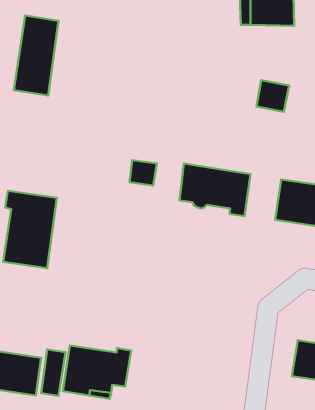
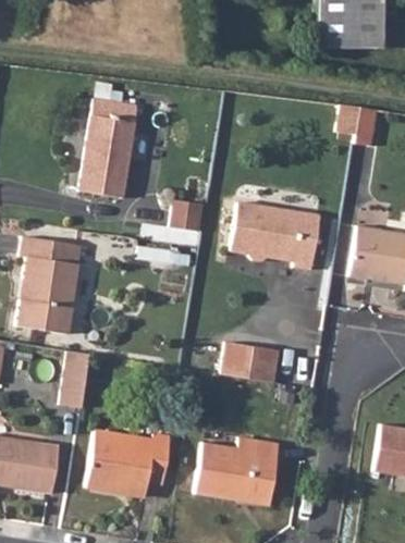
building: [14,16,59,96] -> [81,100,136,199]
building: none -> [221,343,280,383]
building: [41,349,66,396] -> [61,351,91,409]
building: none -> [195,435,281,501]

